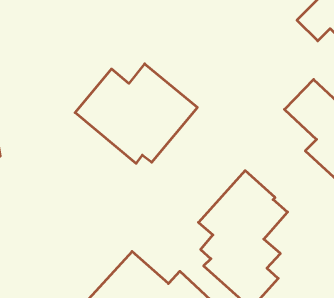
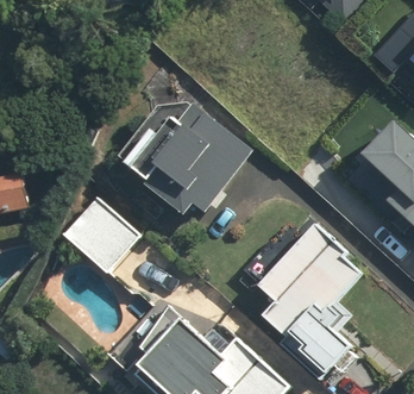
building: none -> [61,196,137,273]

